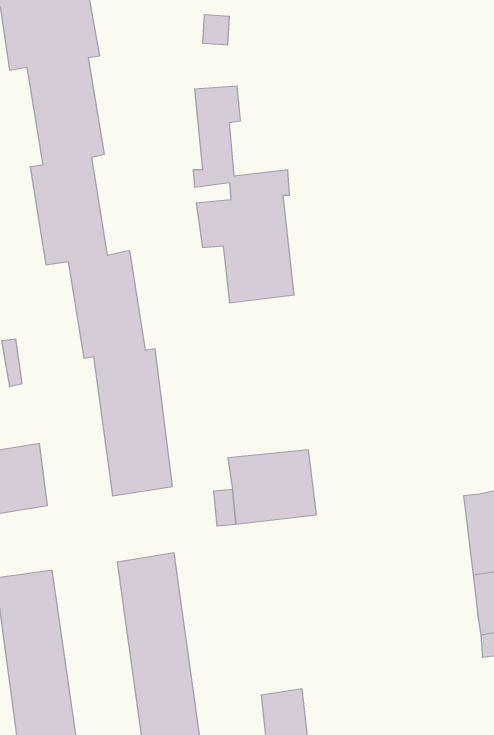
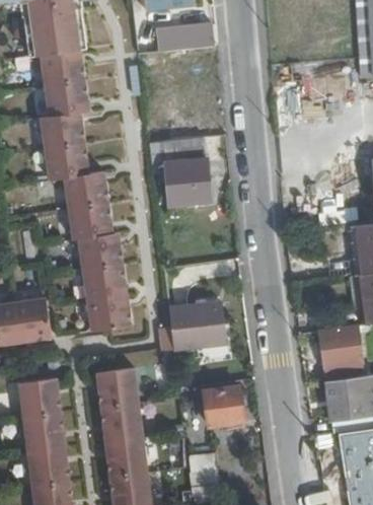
building: none -> [169,25,211,52]
building: none -> [202,386,241,426]

